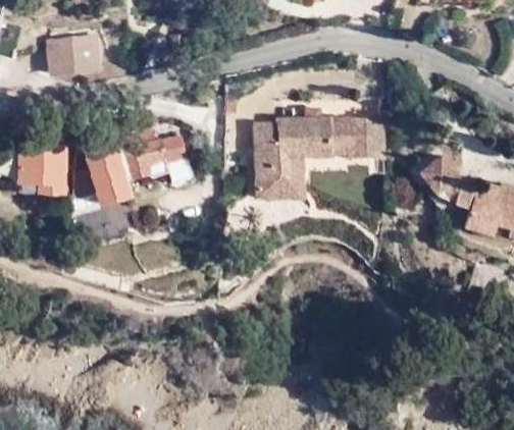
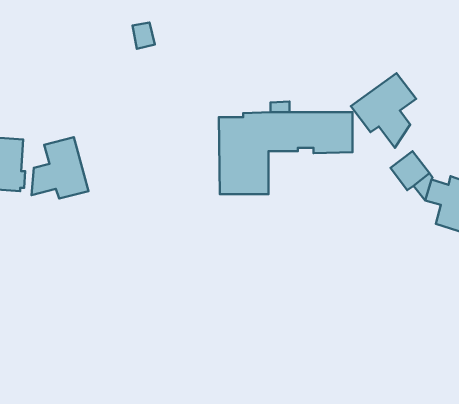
building: [59,20,97,61] -> none
building: none -> [351,73,416,148]
building: [115,132,190,181] -> none

